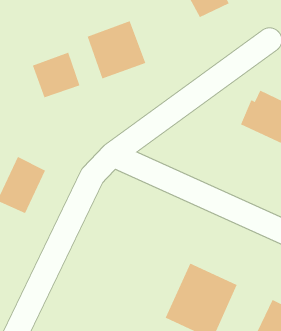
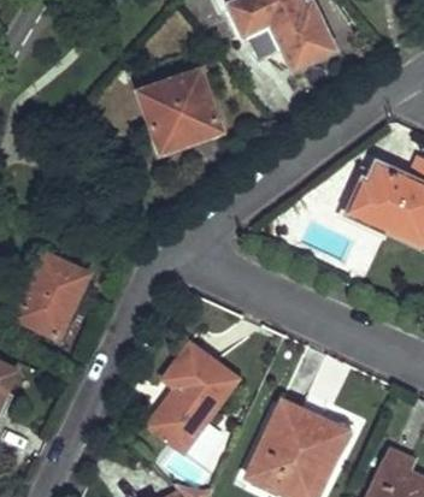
building: [32,52,80,98] -> none
building: none -> [149,343,236,448]

